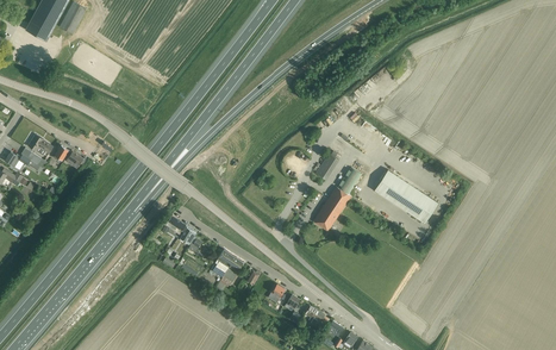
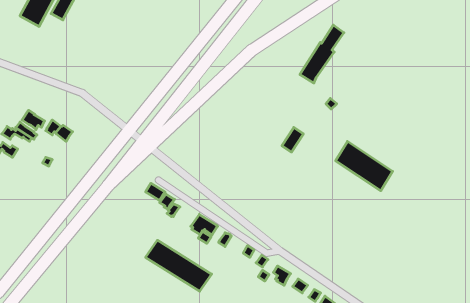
building: [312,168,361,232] -> [300,25,344,83]
building: none -> [146,240,212,291]

